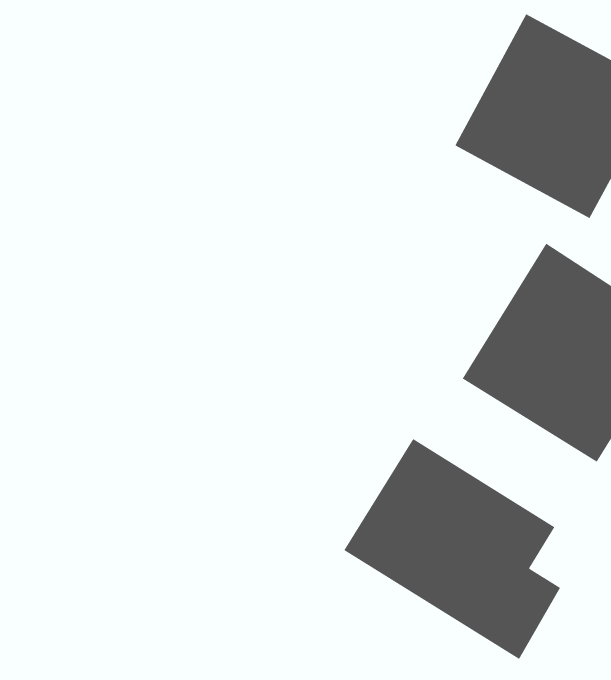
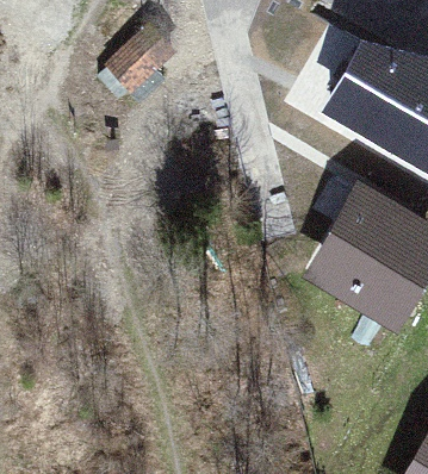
building: [343,438,561,660] -> none

